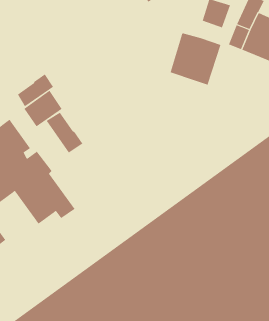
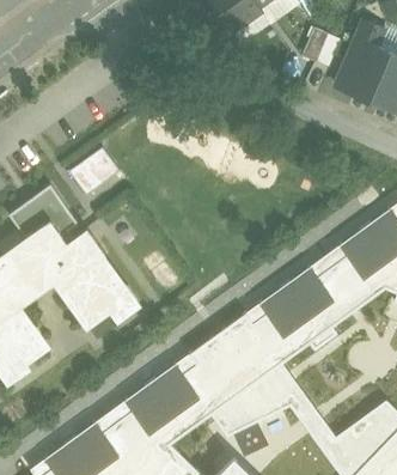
building: [158,32,221,85] -> none
building: [17,74,54,107] -> none
building: [46,112,83,154] -> none

